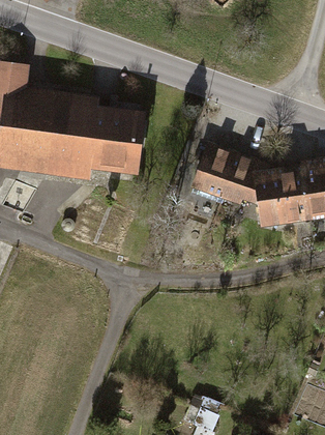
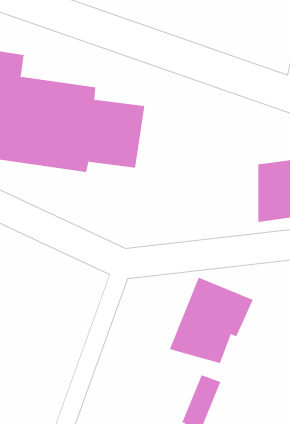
building: [191,141,260,211] -> none
building: none -> [169,277,254,364]

